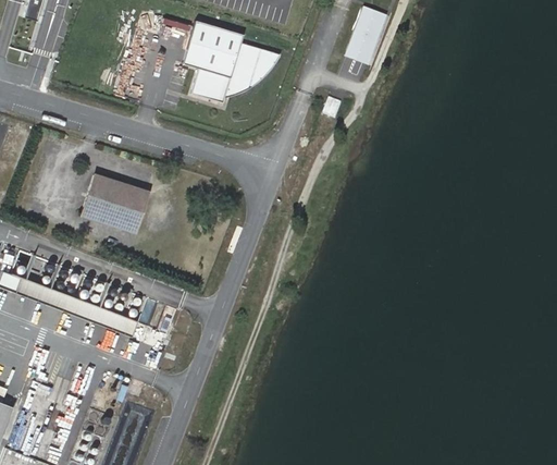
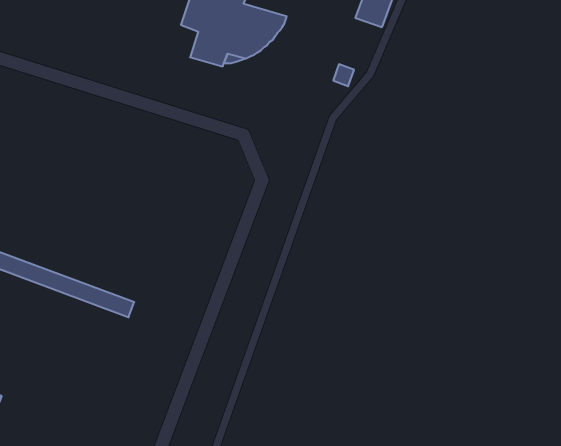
building: [81,173,149,234] -> none

